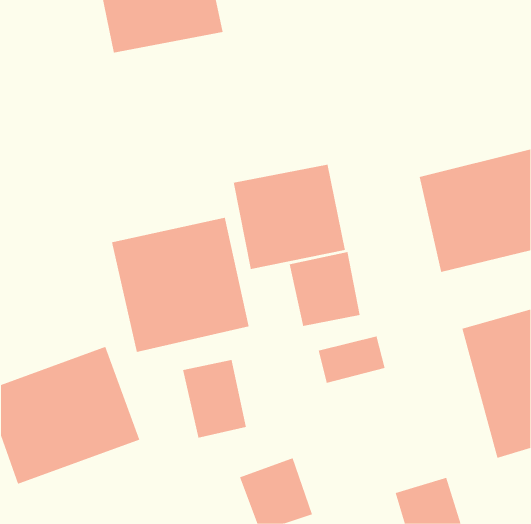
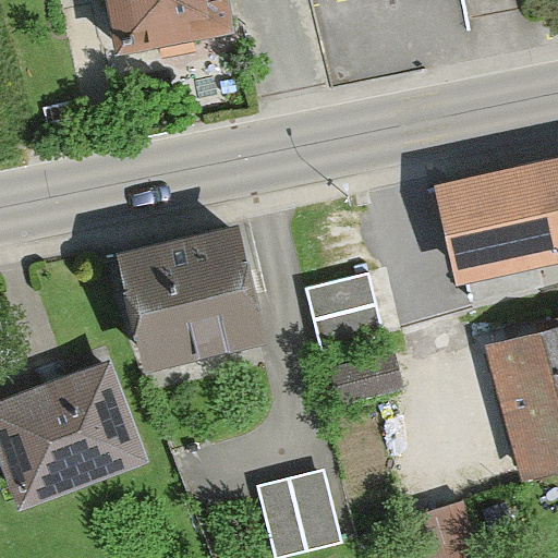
building: [233,164,346,270] -> none
building: [183,359,246,439] -> none

